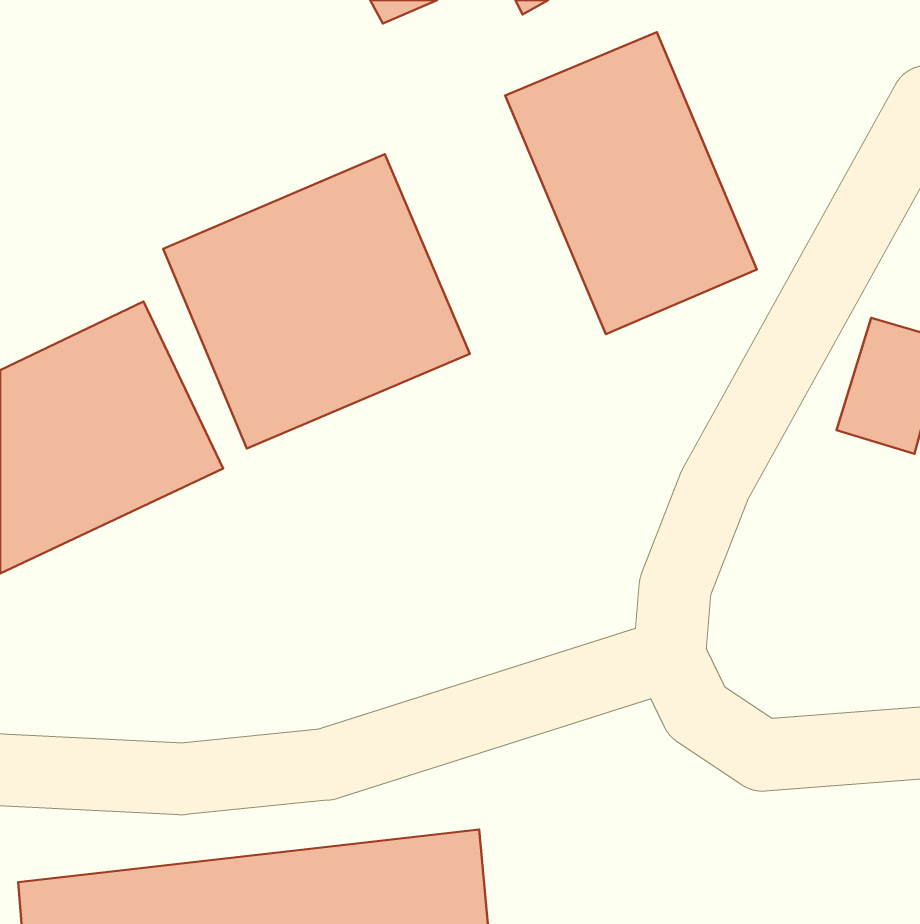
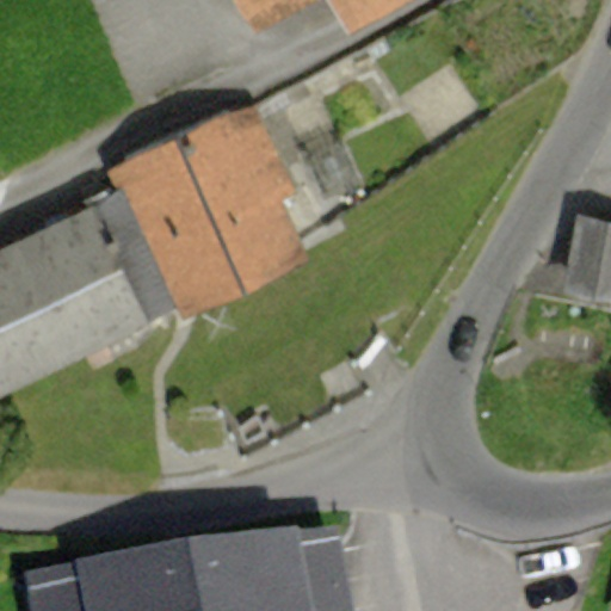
building: [505,32,757,334] -> none

